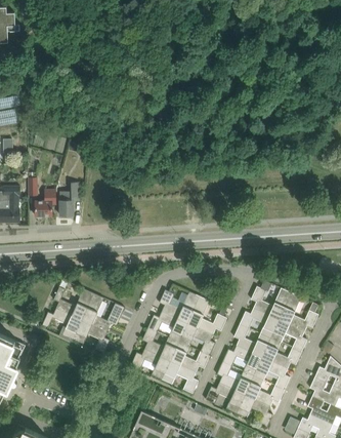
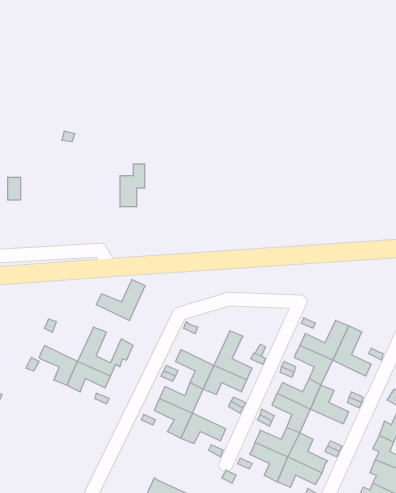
building: [59,183,79,215] -> [120,164,145,206]
building: [35,190,55,216] -> none
building: [55,288,93,320] -> [96,279,145,320]
building: [161,291,199,323] -> none
building: [269,319,304,343] -> none
building: [170,342,200,372] -> none
building: [253,357,287,381] -> none

